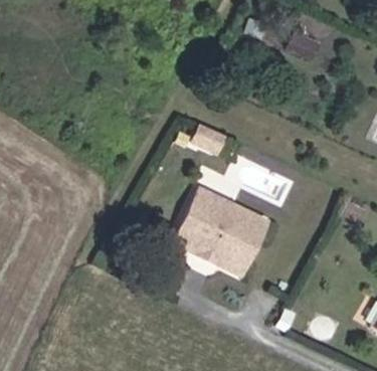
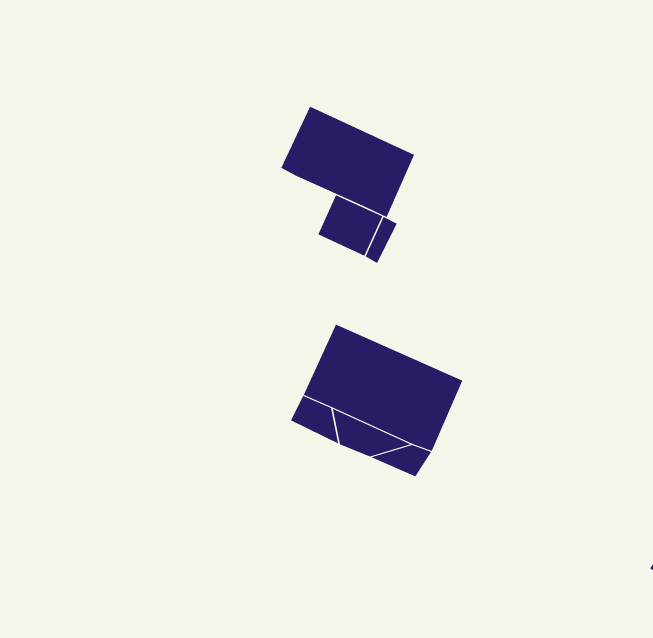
building: none -> [281,106,415,218]

